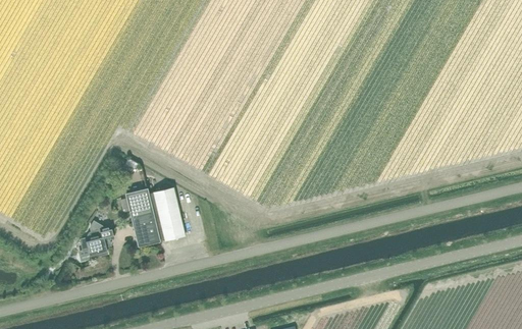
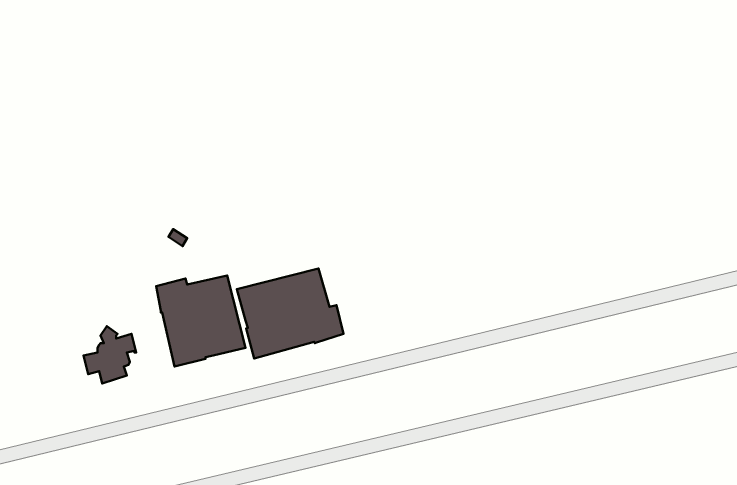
building: none -> [237,268,344,359]

